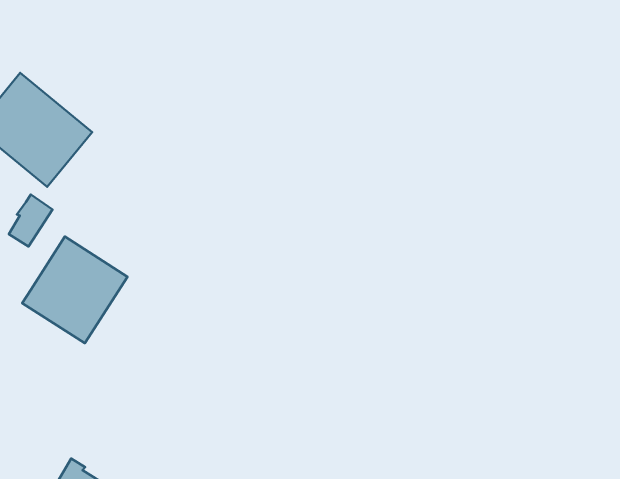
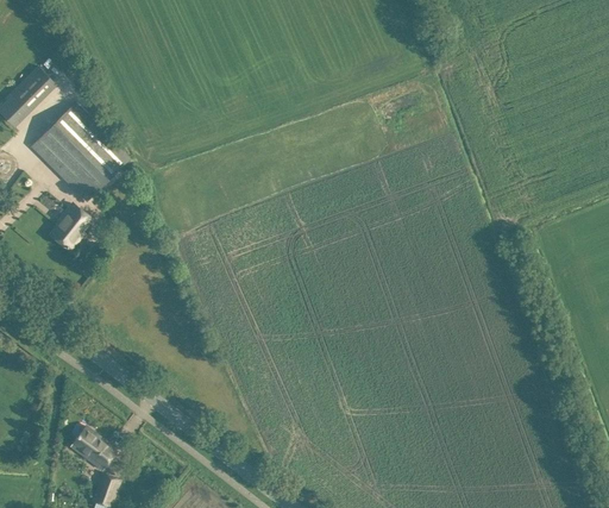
building: [22,236,127,343] -> none

